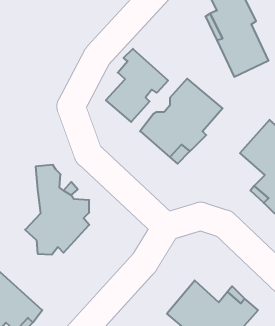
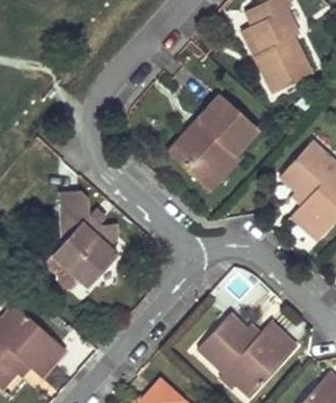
building: [106,49,168,122] -> none

